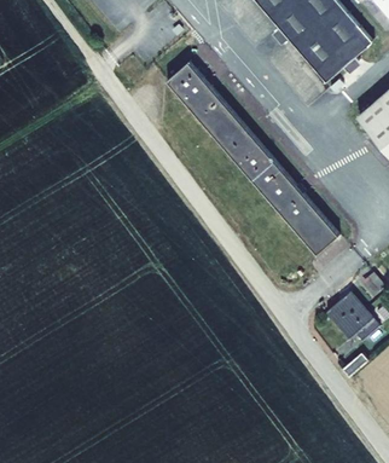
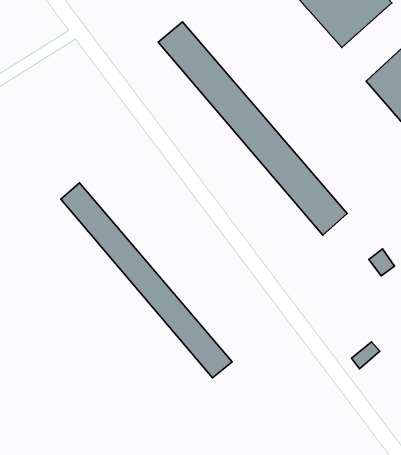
building: none -> [61,183,232,378]
building: [329,293,378,338] -> none

